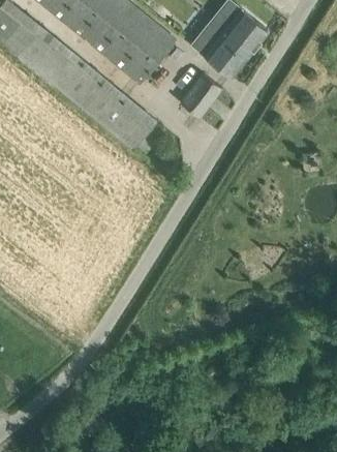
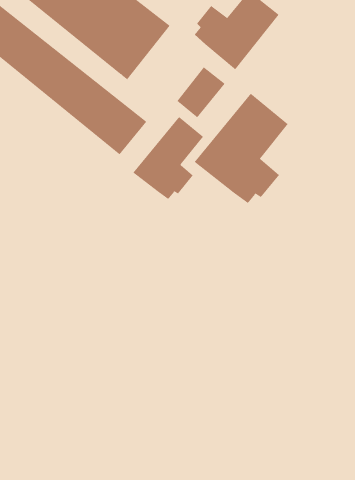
building: none -> [194,93,289,204]
building: none -> [133,116,204,200]

